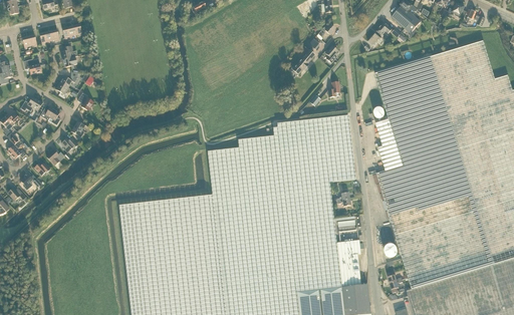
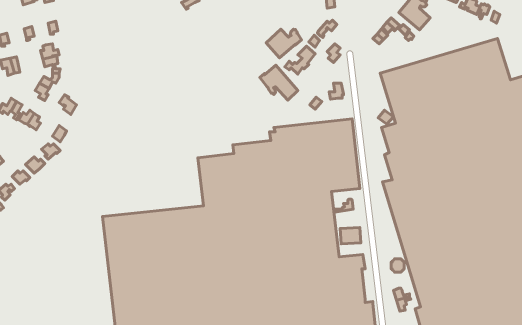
building: none -> [266,29,302,58]
building: none -> [260,65,298,100]

